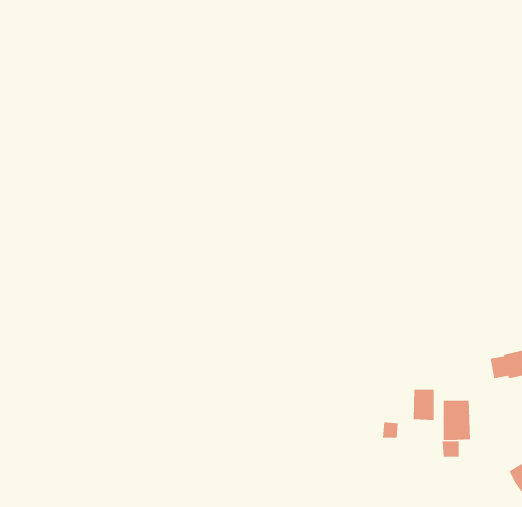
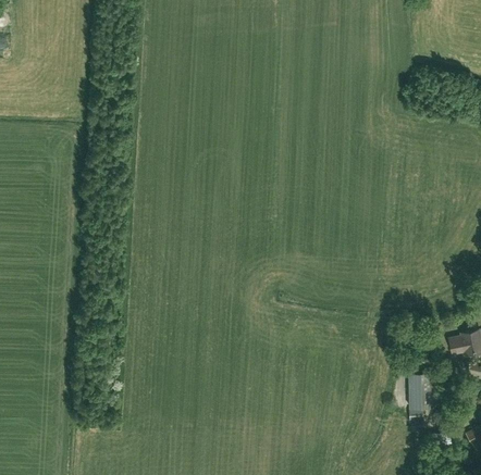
building: [413,389,434,421] -> none

